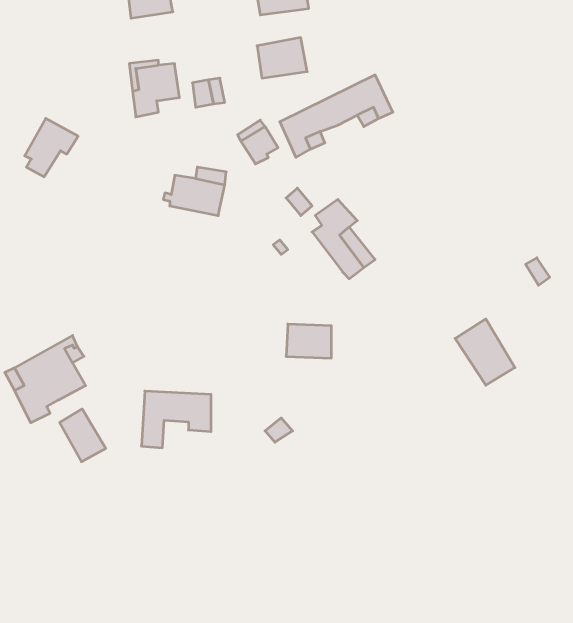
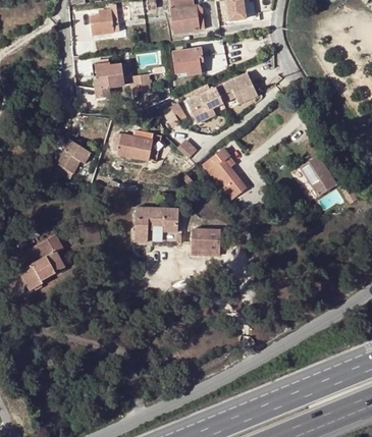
building: [25,118,78,177] -> [57,141,91,177]
building: [455,319,515,385] -> [299,155,336,197]
building: [141,391,211,448] -> [134,207,177,242]
building: [60,409,106,462] -> none

